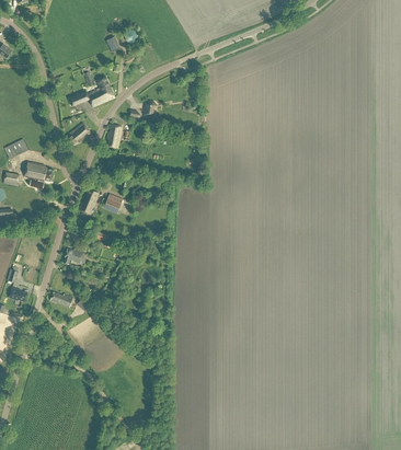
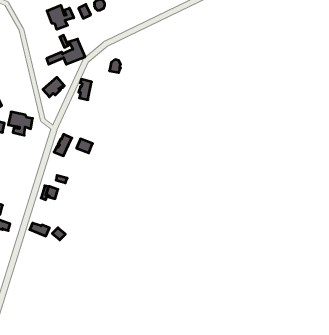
building: none -> [47,5,74,29]

